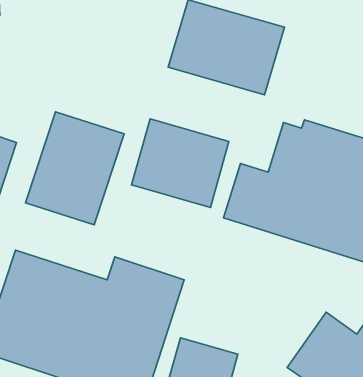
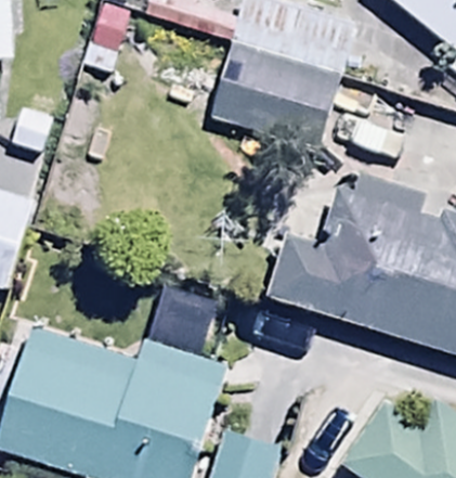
building: [26,112,124,225] -> none
building: [132,119,229,207] -> none

